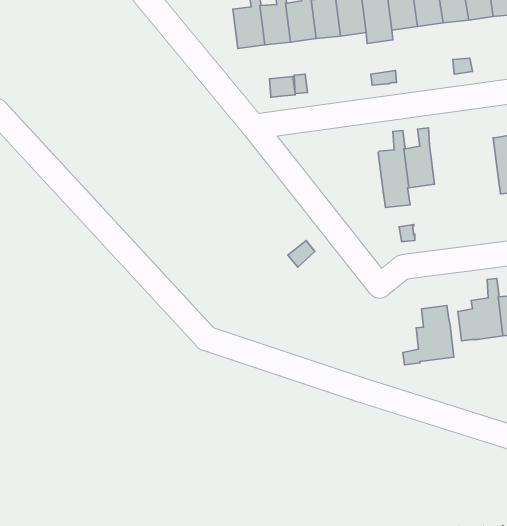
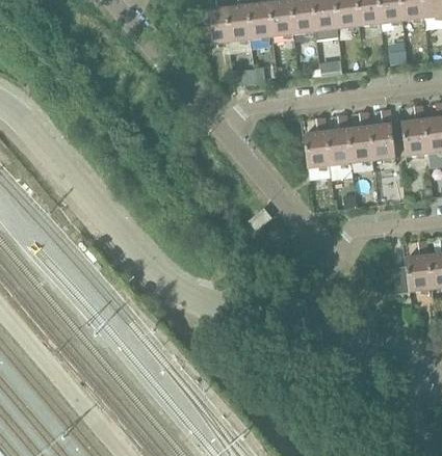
building: none -> [401,105,427,156]
building: none -> [369,109,395,160]
building: none -> [303,117,330,168]
building: [403,306,454,365] -> none

